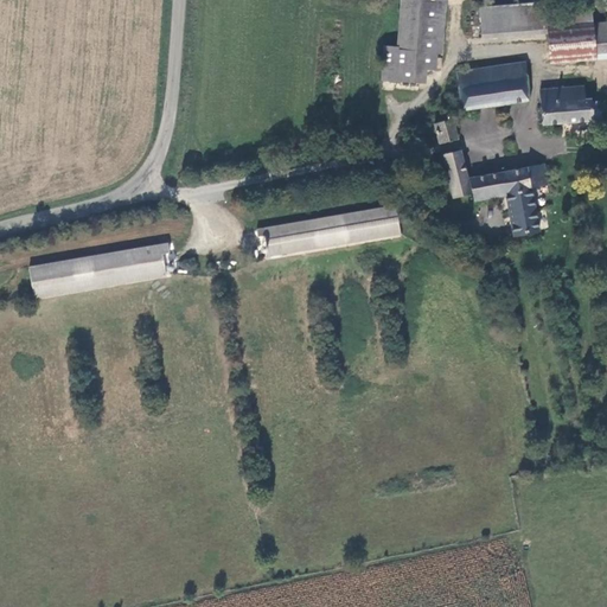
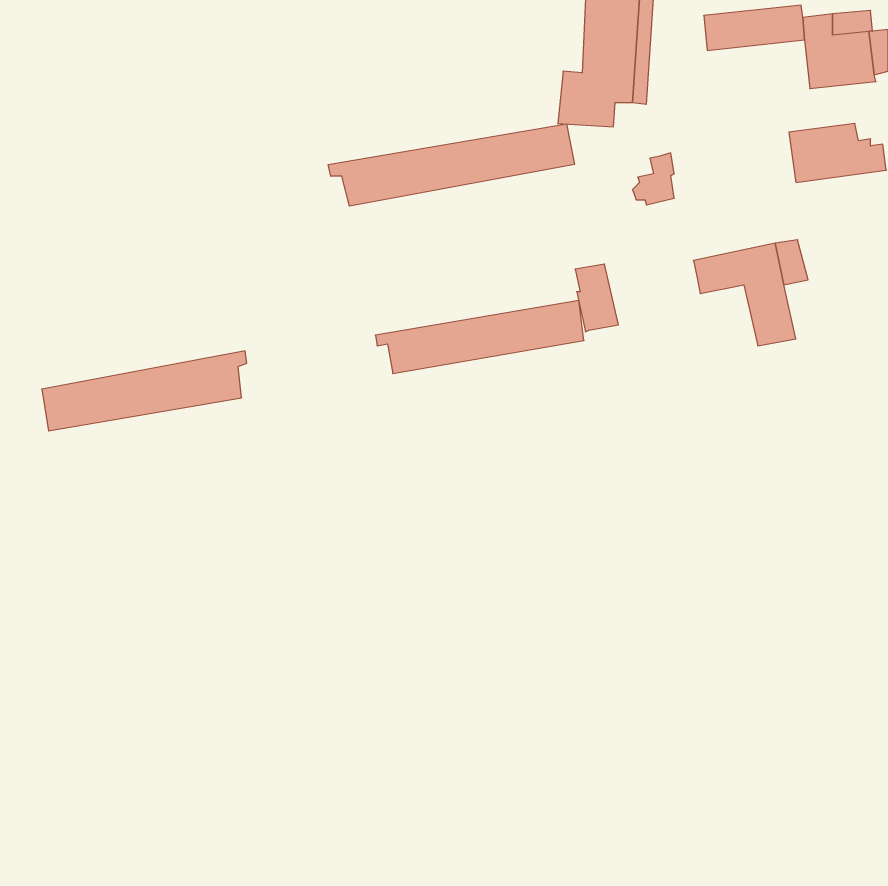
building: [460,62,530,107] -> none
building: none -> [328,124,574,206]
building: [442,151,472,197] -> [575,264,618,332]

